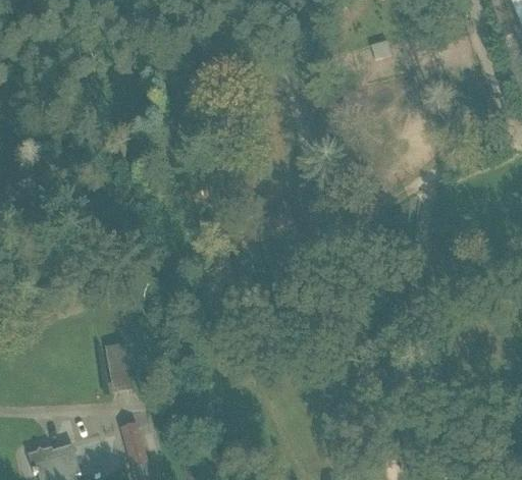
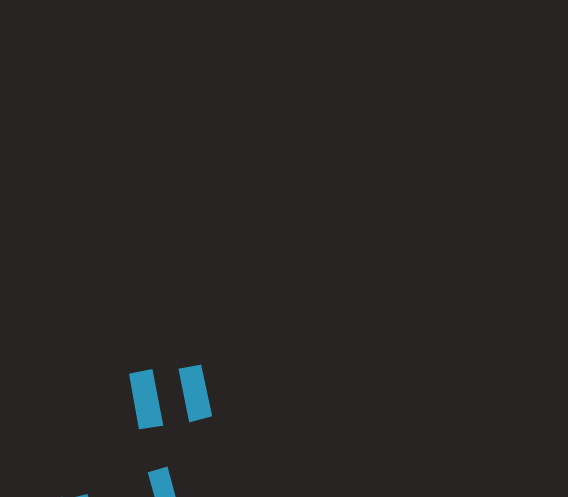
building: none -> [178,364,213,423]

